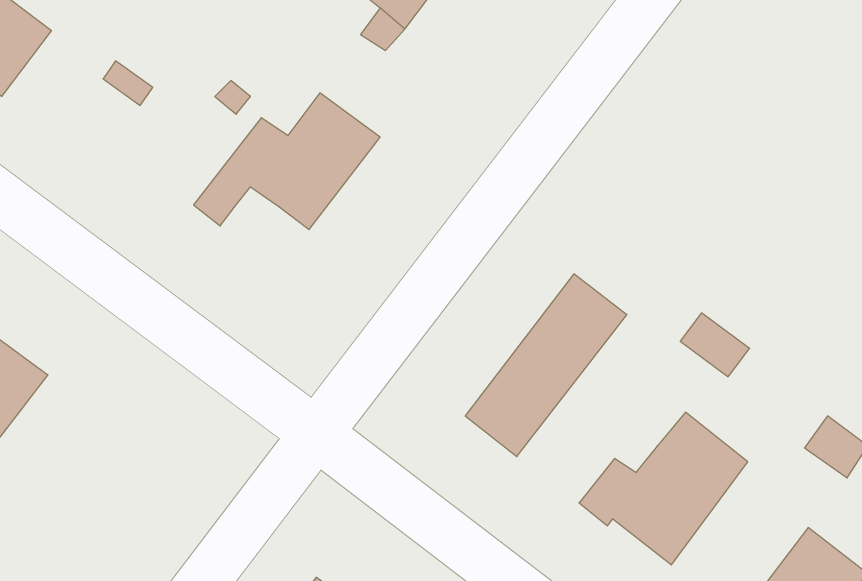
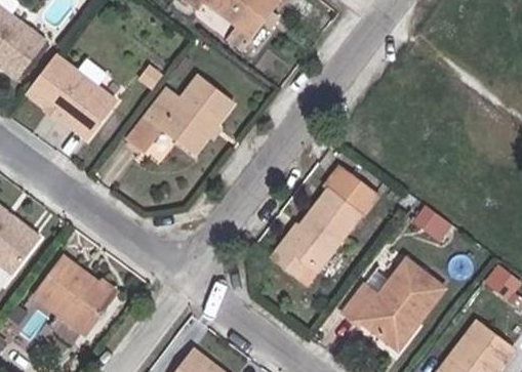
building: none -> [22,52,111,136]
building: none -> [35,259,115,333]

